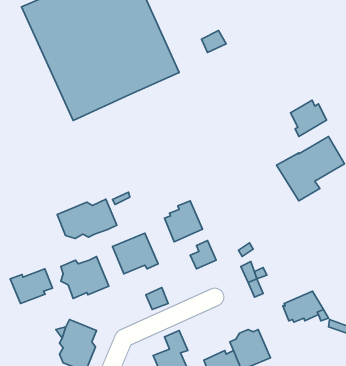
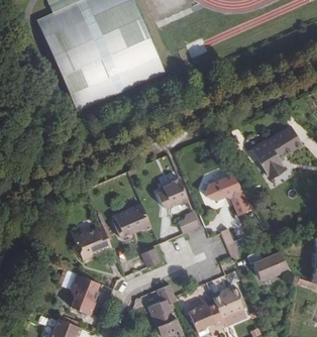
building: [291,100,327,137] -> none
building: none -> [201,175,250,216]
building: [57,199,117,238] -> none
building: [10,269,53,303] -> none

